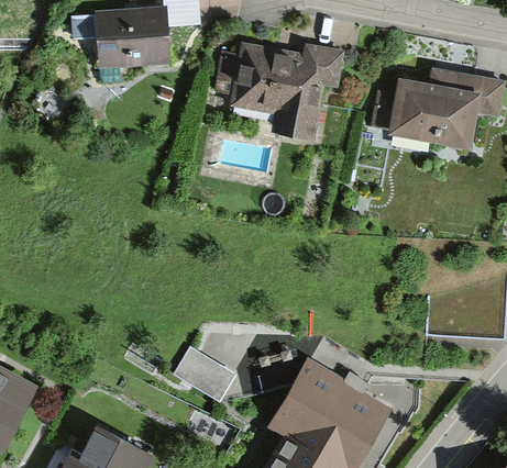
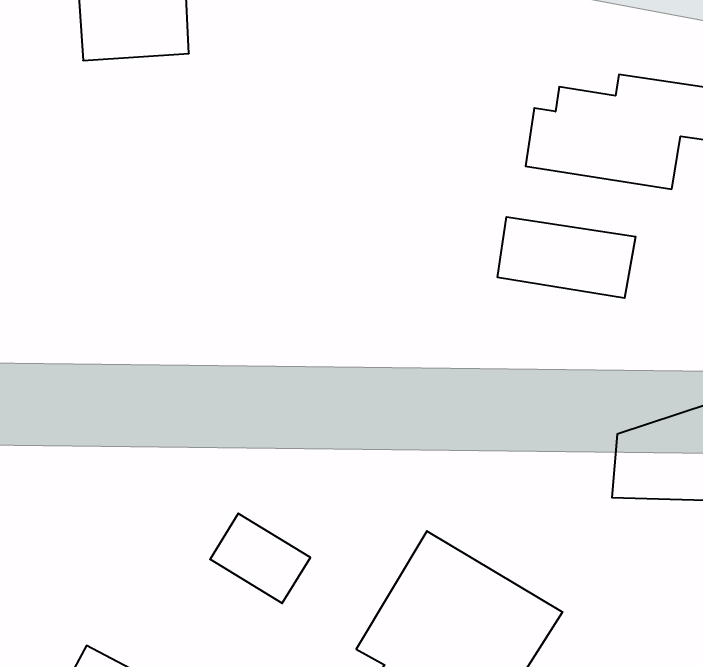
building: [233,46,339,137] -> none
building: none -> [498,217,636,298]

